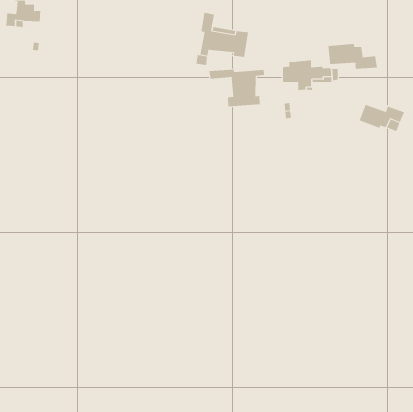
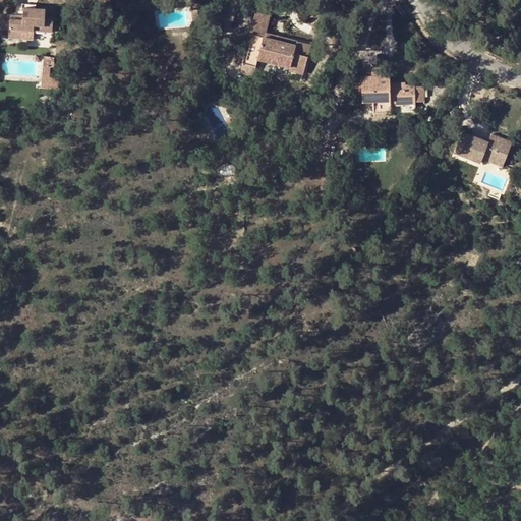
building: [328,43,377,70] -> none
building: [209,69,265,107] -> none

